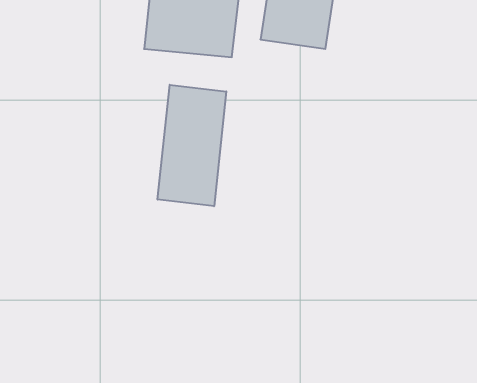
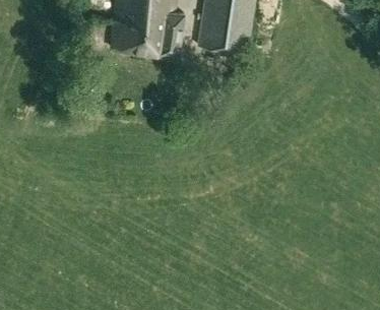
building: [158,85,226,206] -> none

